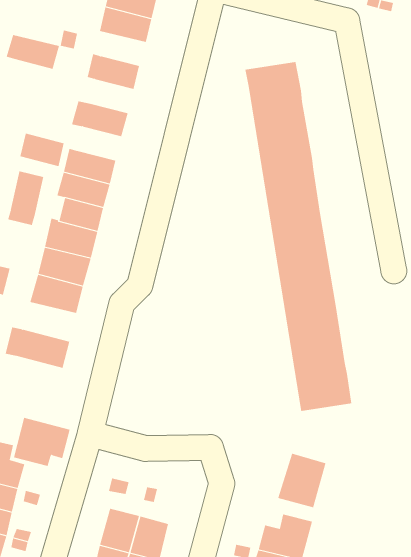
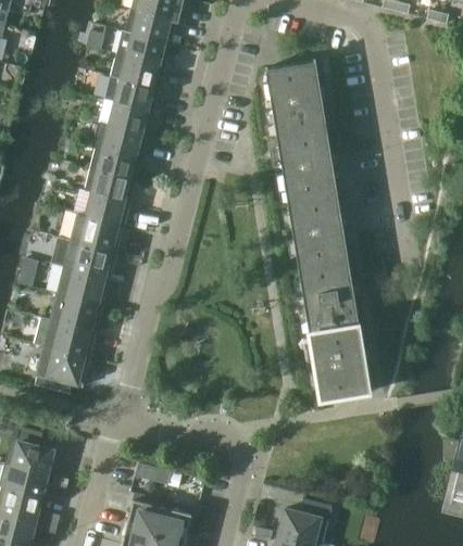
building: [6,34,60,69] -> [118,31,171,65]
building: none -> [115,78,159,111]
building: [20,133,65,167] -> [103,124,147,156]
building: [7,170,44,226] -> none
building: none -> [51,293,103,331]
building: [13,417,71,467] -> [35,345,90,393]
building: [277,453,326,508] -> none

